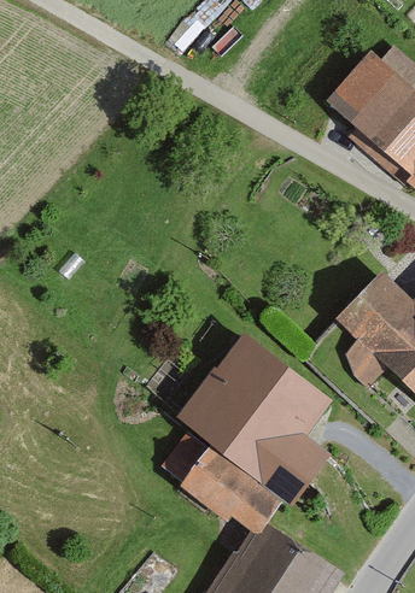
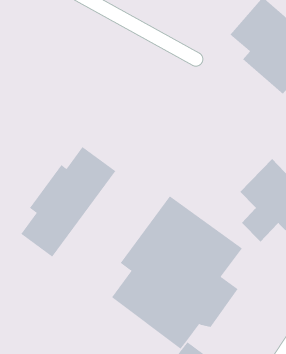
building: none -> [20,146,116,258]

